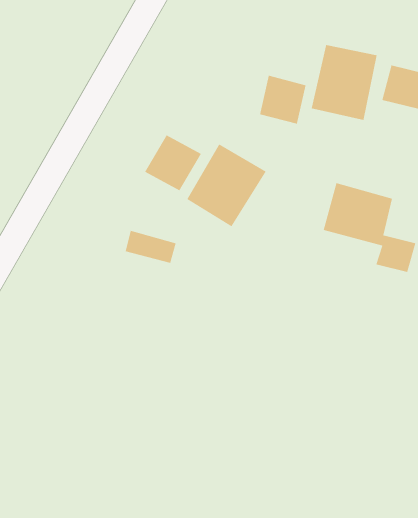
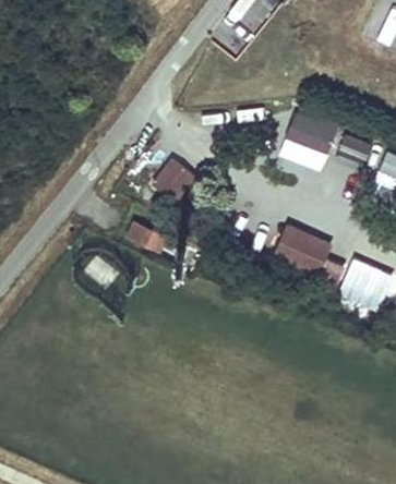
building: [260,75,306,125] -> none
building: [186,143,266,227] -> none

